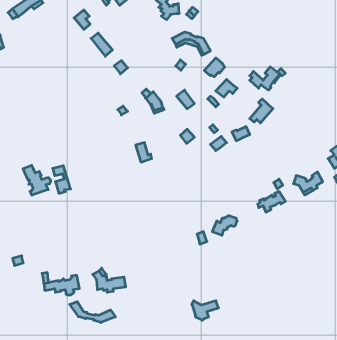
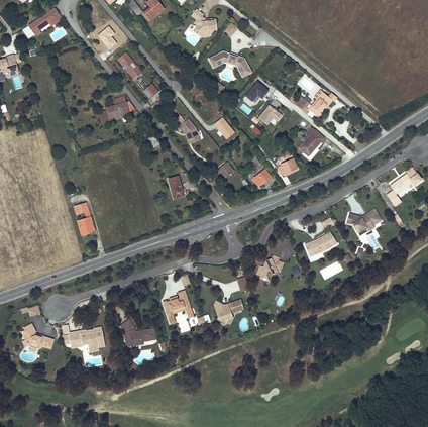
building: none -> [100,96,135,120]
building: [23,165,51,195] -> none
building: none -> [165,290,192,319]
building: none -> [21,322,55,348]
building: [192,301,219,320] -> [213,300,243,322]
building: [70,302,115,323] -> none

